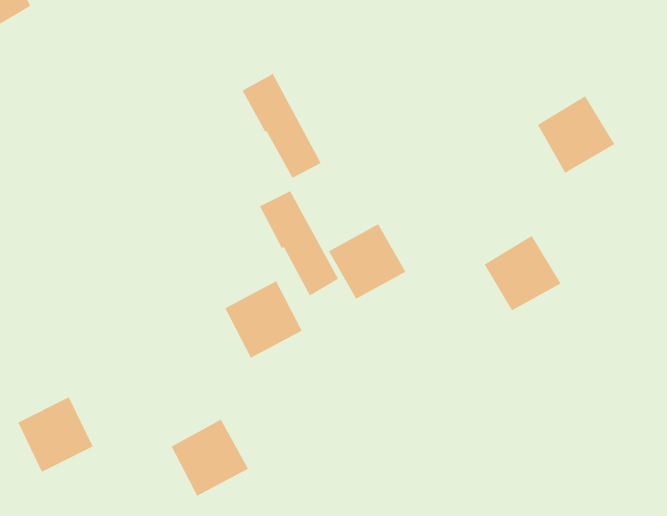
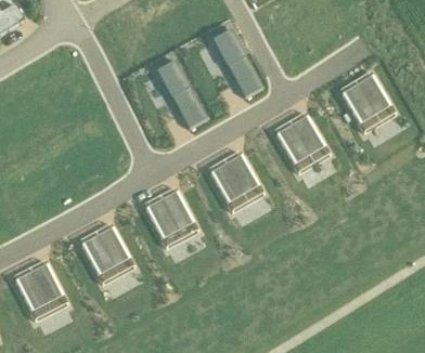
building: [259,191,339,296] -> [212,30,262,96]
building: [484,235,562,311] -> [276,116,325,164]
building: [171,419,249,496] -> [81,226,130,275]

